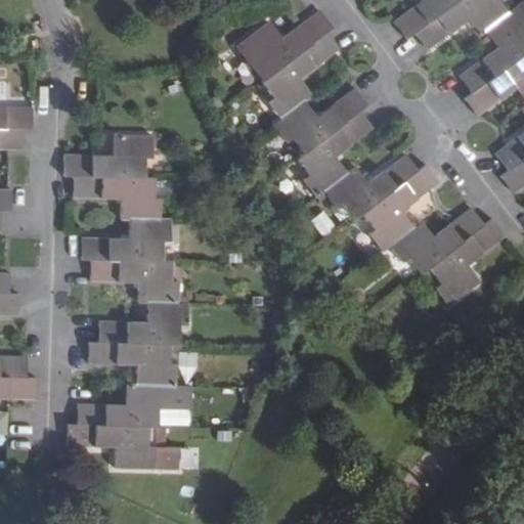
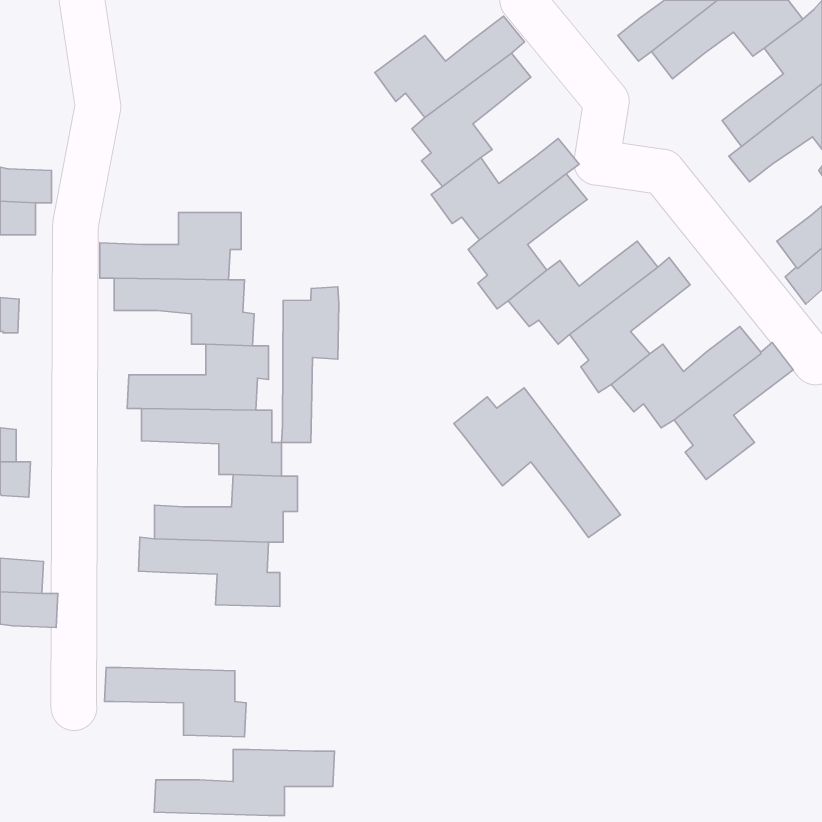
building: none -> [282,287,339,443]
building: none -> [454,388,621,538]
building: [77,385,191,427] -> [154,749,334,815]

